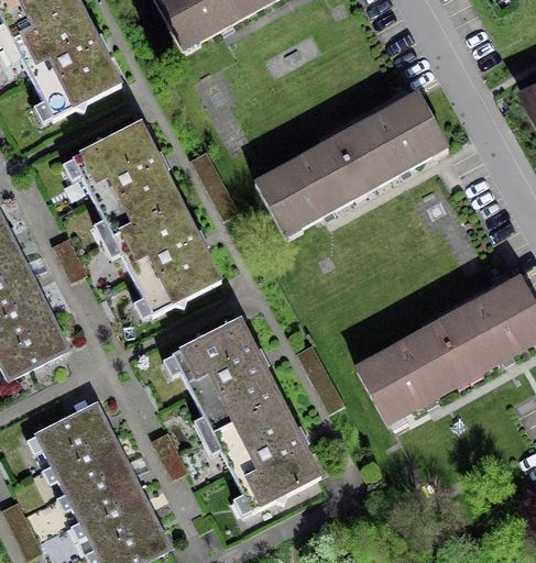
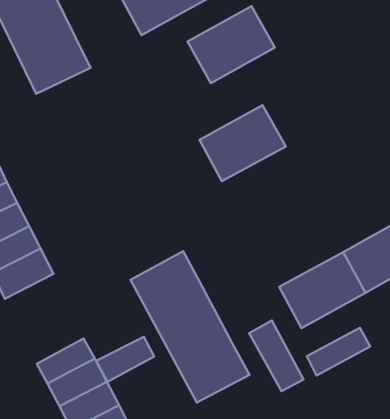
building: [337,89,448,187] -> [188,6,275,83]
building: [73,122,221,316] -> none
building: [35,406,109,463] -> [96,337,154,382]
building: none -> [249,321,304,391]
building: none -> [307,328,370,375]

